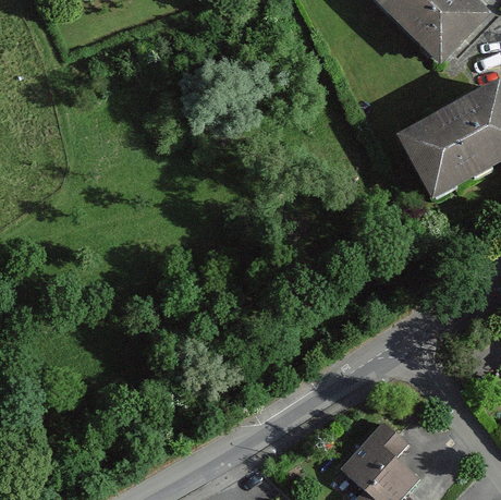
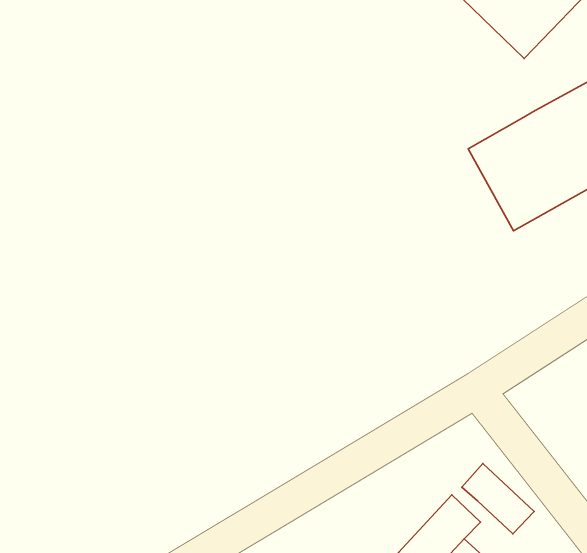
building: none -> [462,464,534,534]

